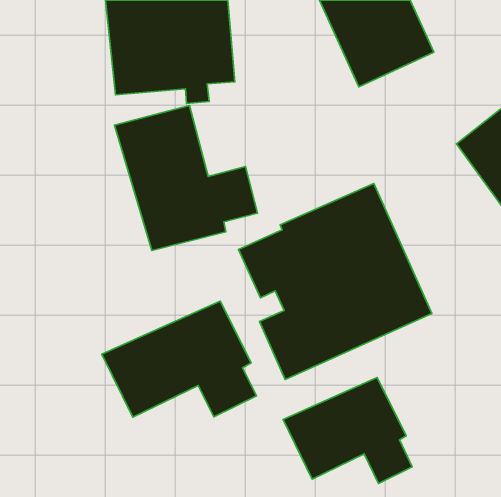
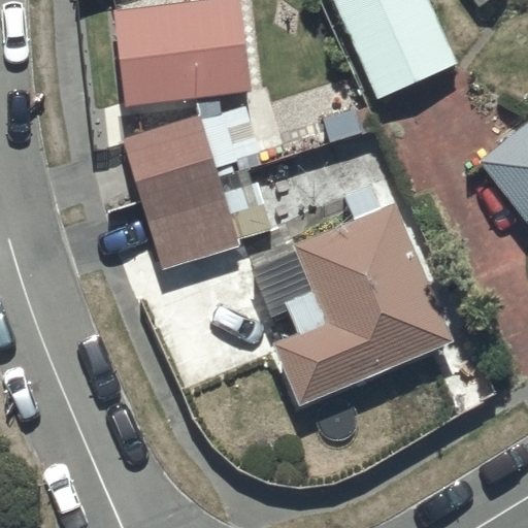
building: [102,301,256,417] -> none
building: [283,377,412,484] -> none

